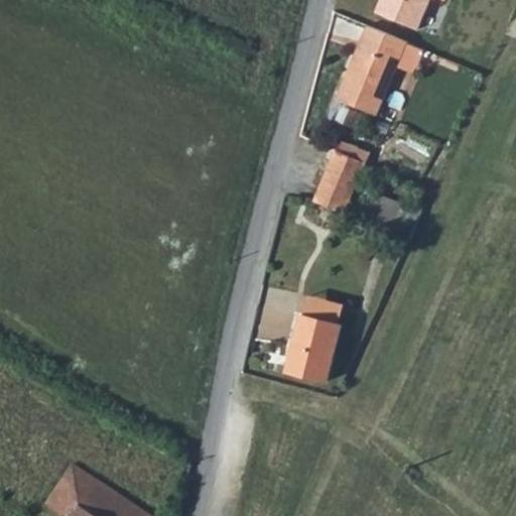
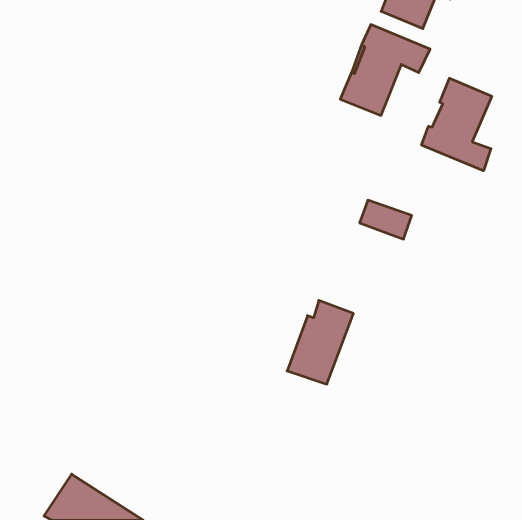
building: none -> [422,78,492,171]
building: [305,140,369,217] -> none

